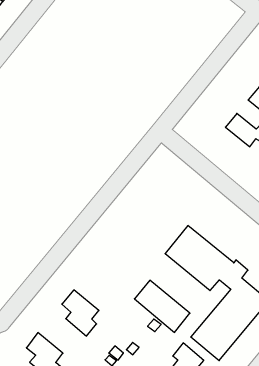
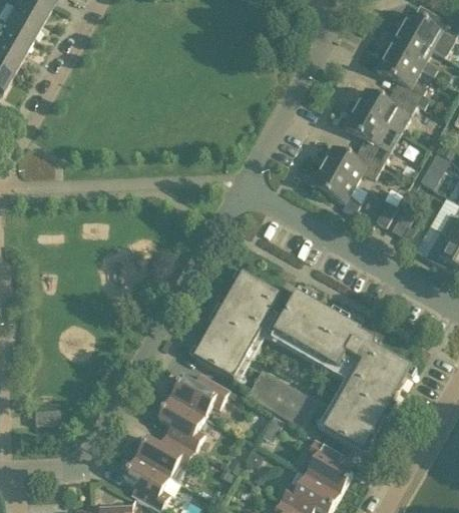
building: none -> [310,163,360,208]
building: none -> [192,271,281,378]
building: none -> [169,373,230,416]
building: none -> [134,433,194,476]

